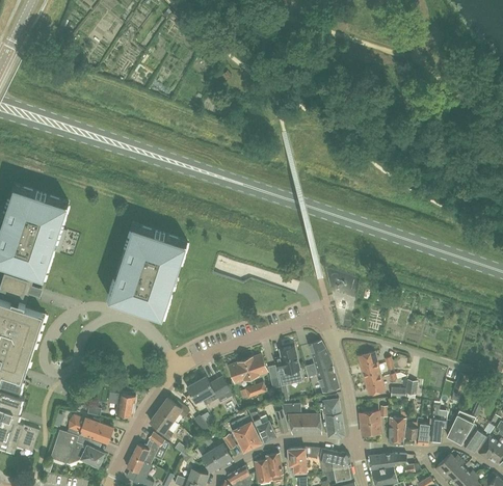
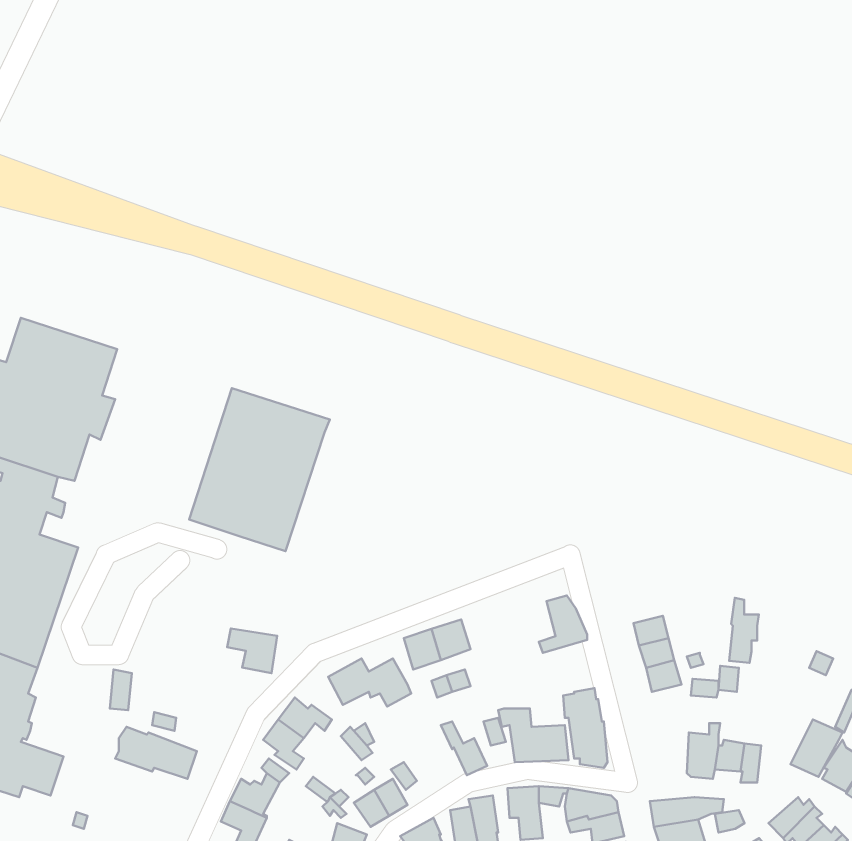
building: [274,346,299,386] -> none
building: [307,366,339,392] -> none
building: [107,393,135,417] -> [227,629,277,673]
building: [430,404,447,440] -> [729,598,759,663]
building: [360,411,380,434] -> none
building: [231,415,261,452] -> none
building: [50,430,103,466] -> none

